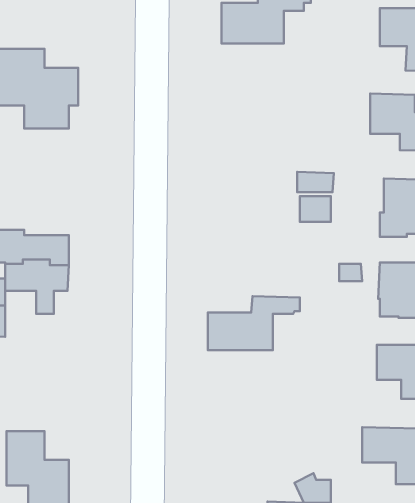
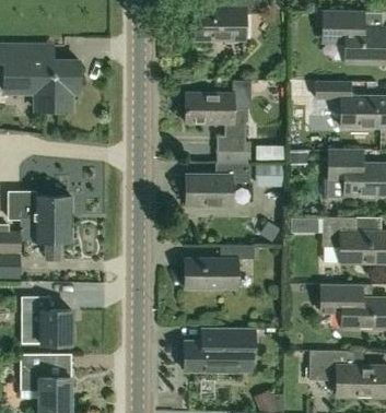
building: none -> [185,79,248,153]
building: none -> [184,162,249,206]
building: none -> [21,296,71,343]
building: none -> [184,328,254,371]

